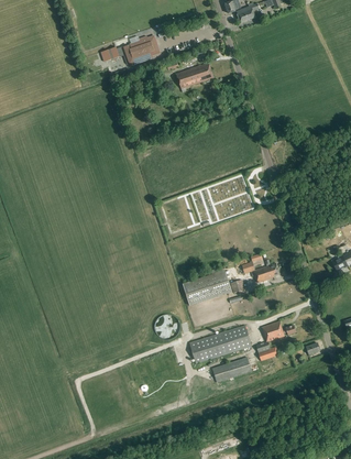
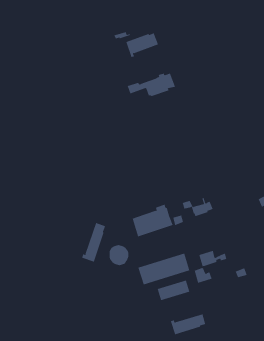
building: [102,35,161,64] -> [127,73,176,97]
building: none -> [81,222,106,262]
building: none -> [170,313,206,335]

